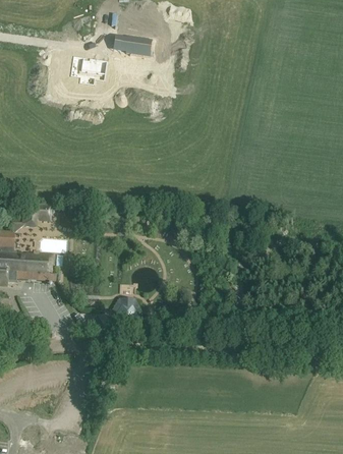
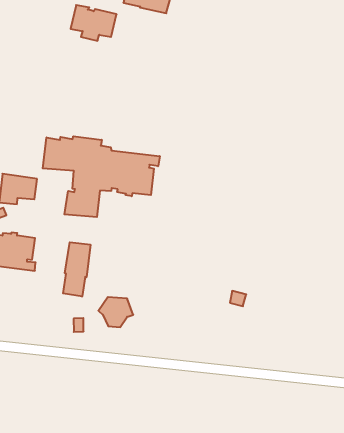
building: none -> [43,136,160,217]
building: none -> [63,242,90,297]

